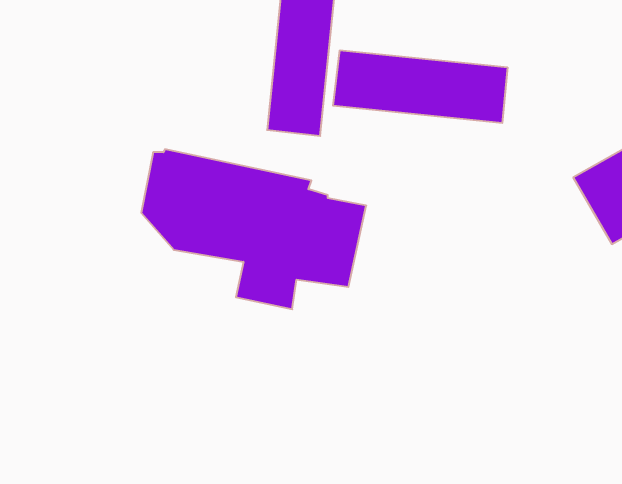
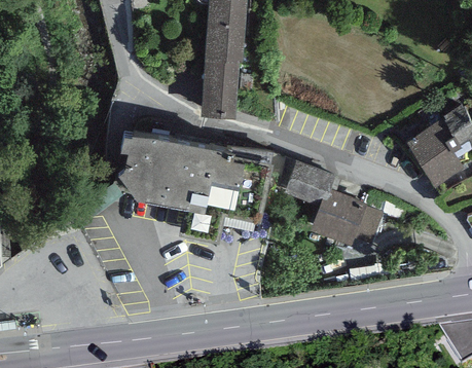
building: [333,50,507,123] -> none
building: none -> [284,159,369,238]

